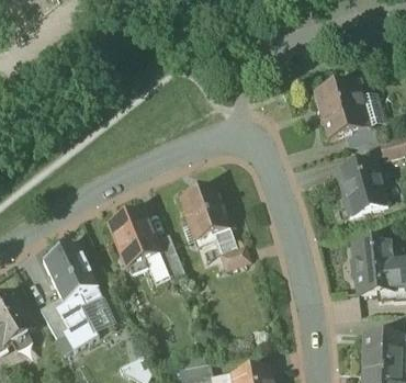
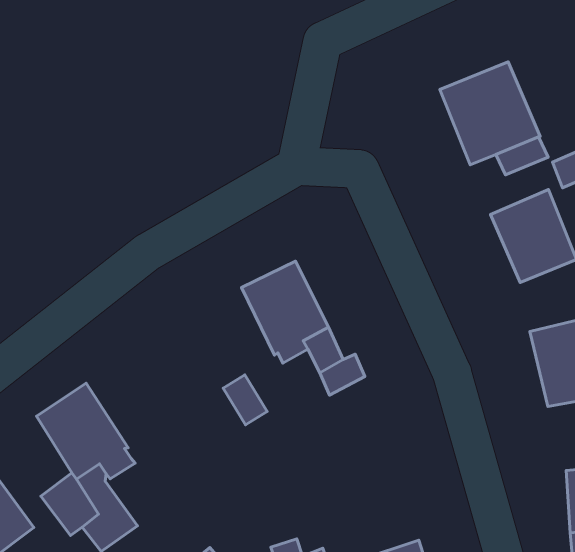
building: [108,207,160,272] -> none

